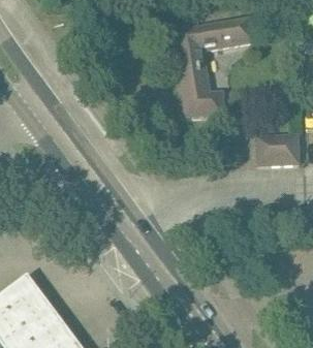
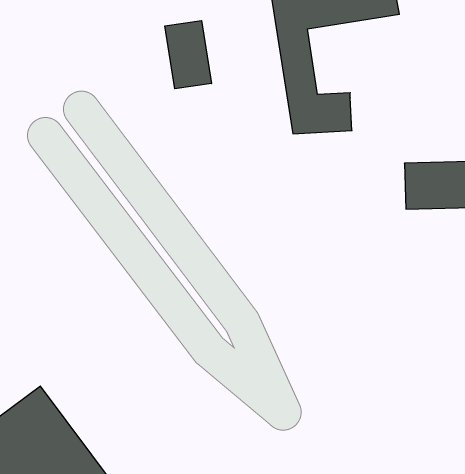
building: none -> [165,21,211,89]

